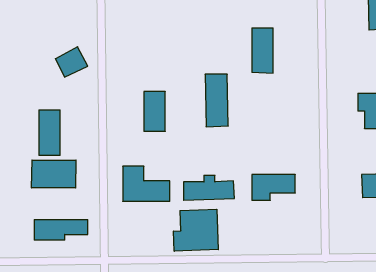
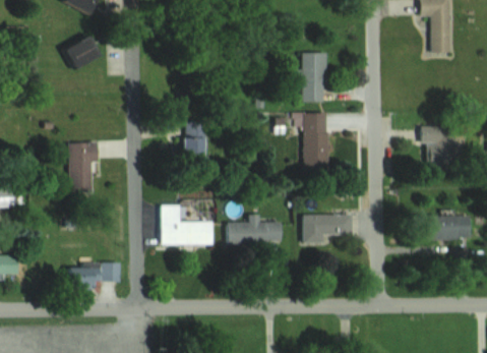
building: [55,47,88,77] -> [60,36,96,69]
building: [205,74,228,127] -> [303,114,328,172]
building: [32,160,76,188] -> none
building: [174,209,218,251] -> none

